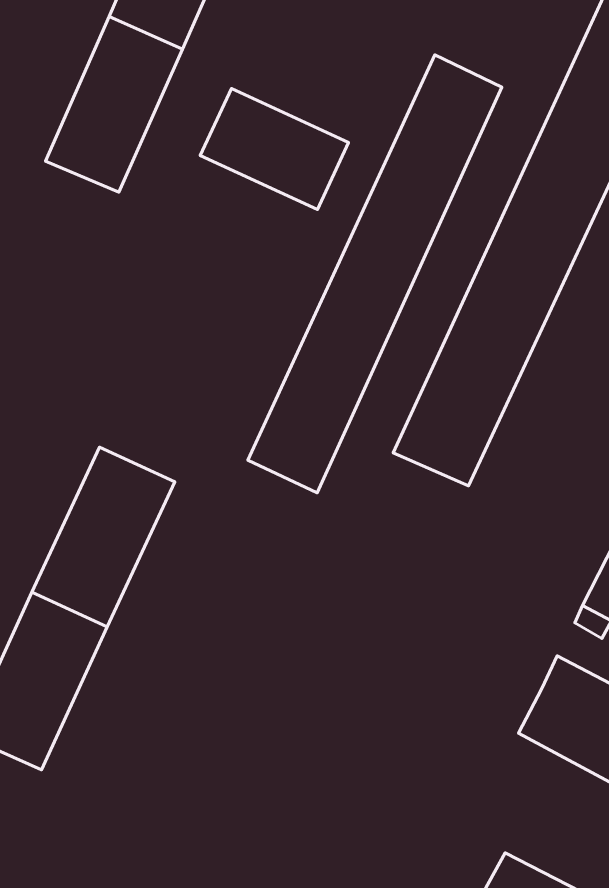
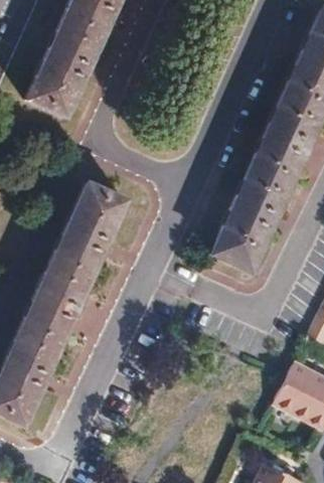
building: [248,55,502,493] -> none
building: [200,89,349,210] -> none
building: none -> [55,177,129,270]

